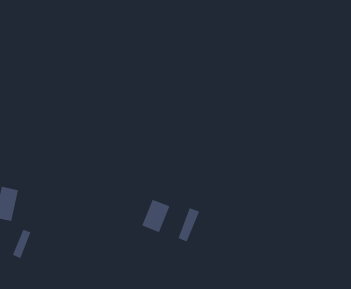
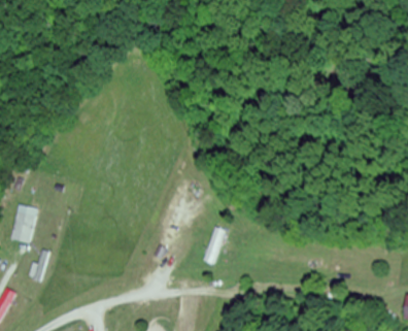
building: [141,199,170,233] -> none

